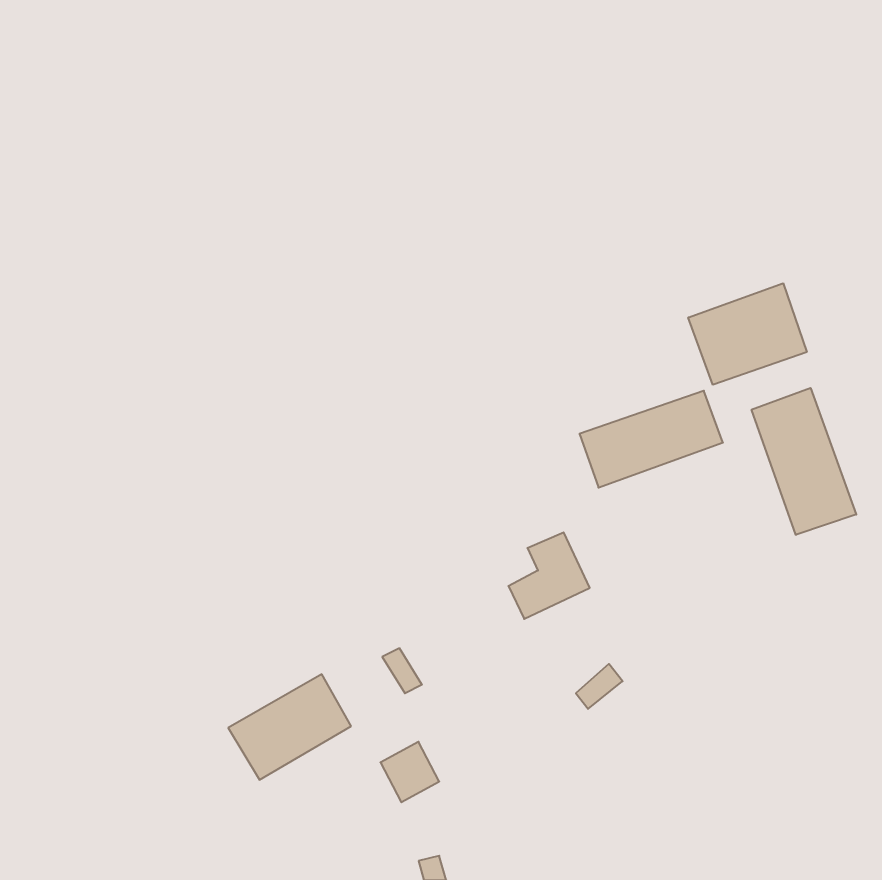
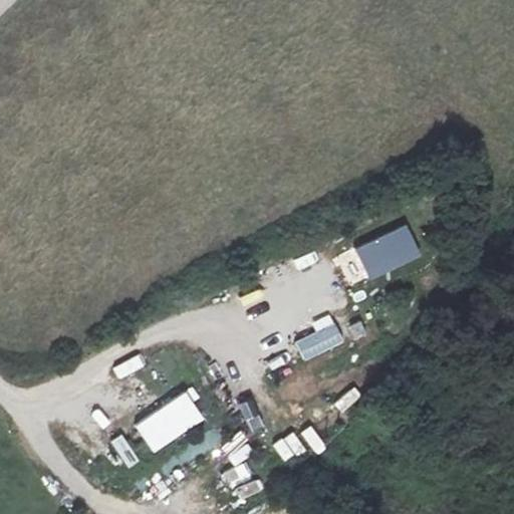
building: [688,283,807,385] -> none
building: [752,388,856,535] -> none

